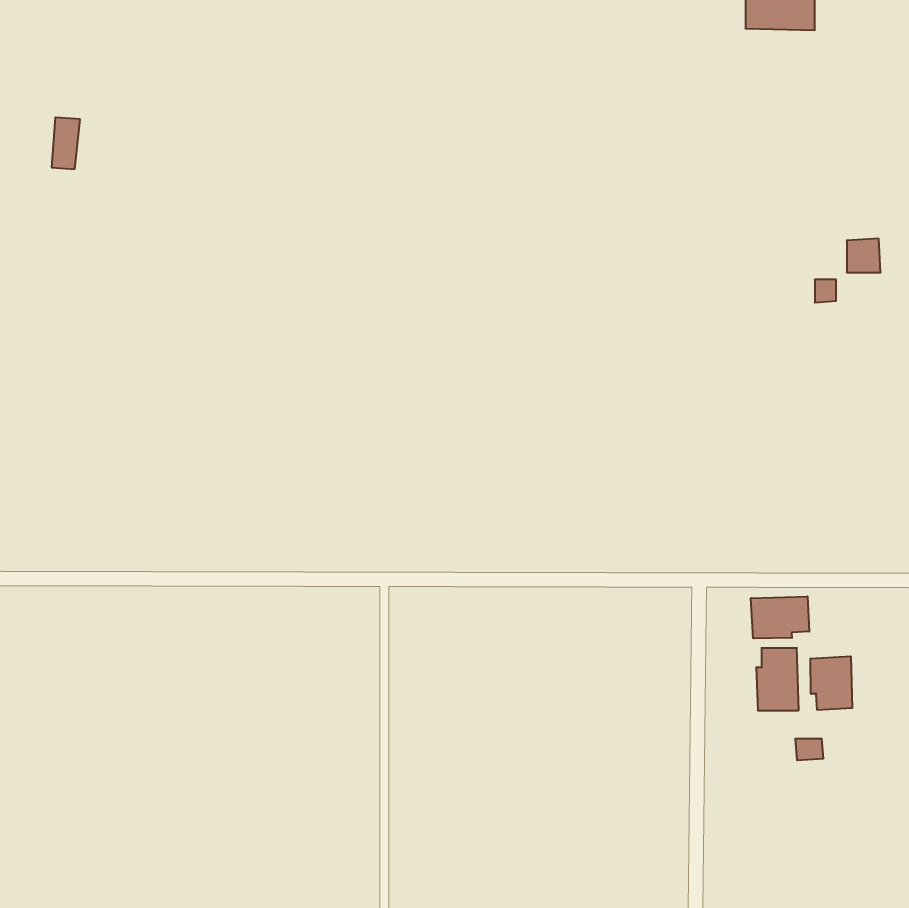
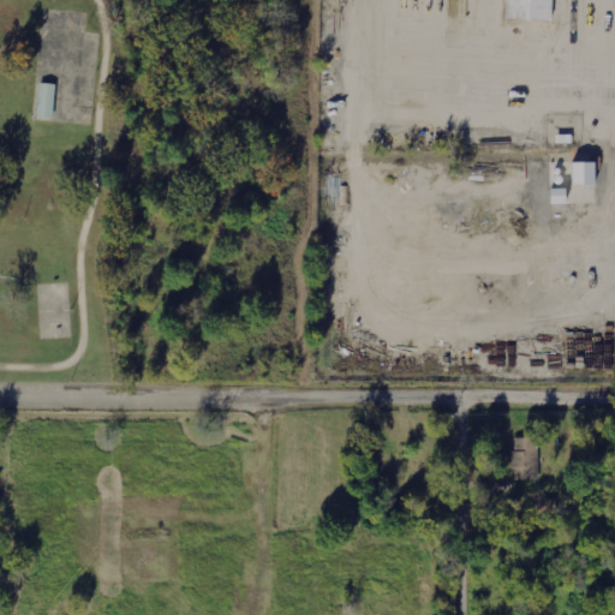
building: [751,596,809,638] -> none
building: [811,656,852,710] -> none

